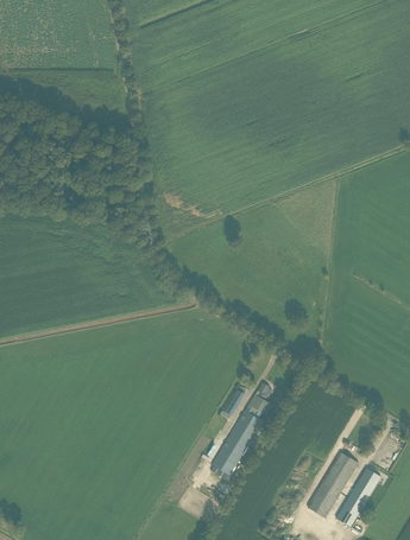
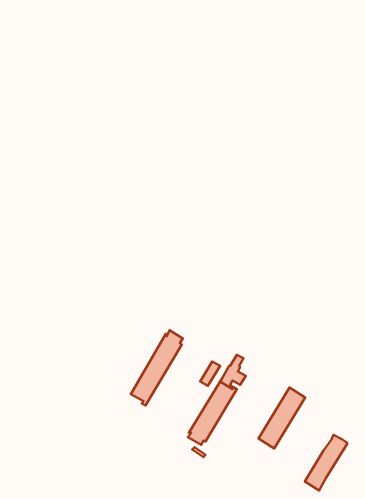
building: none -> [131,330,183,405]
building: [308,451,358,516] -> [258,387,305,449]

